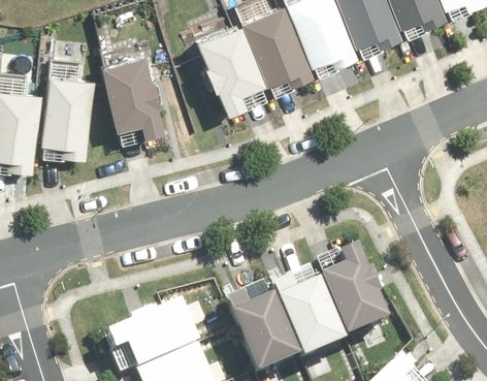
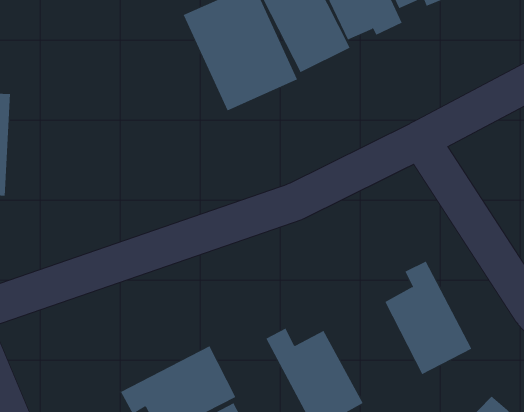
building: [106,52,167,134] -> none
building: [43,73,95,159] -> none
building: [274,281,349,360] -> none

